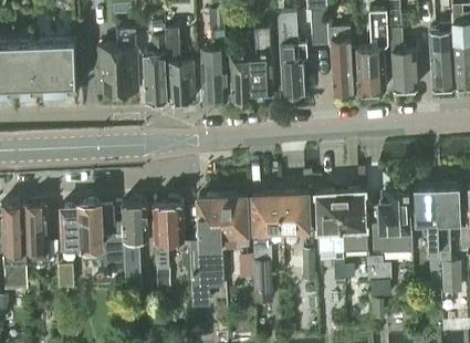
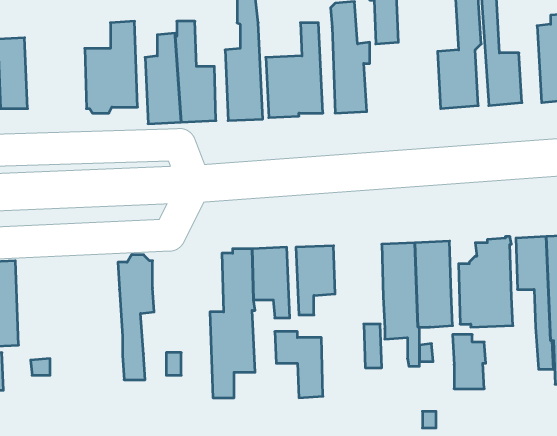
building: [330,28,353,94] -> none
building: [53,41,75,93] -> none
building: [280,193,312,229] -> none
building: [154,199,184,270] -> none
building: [61,202,125,260] -> none

